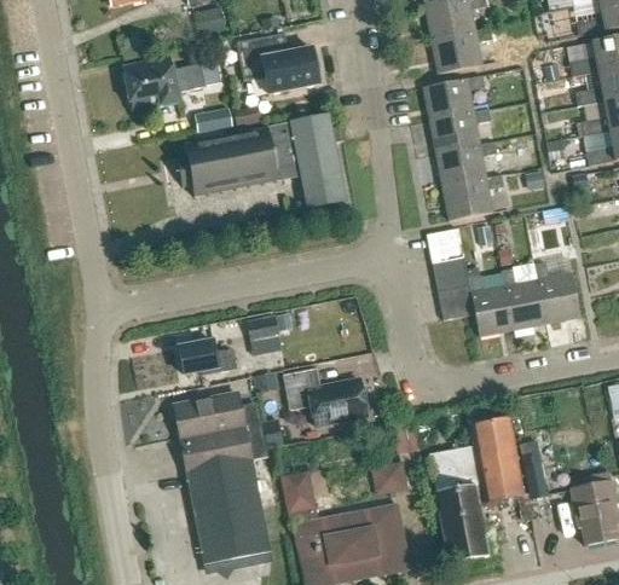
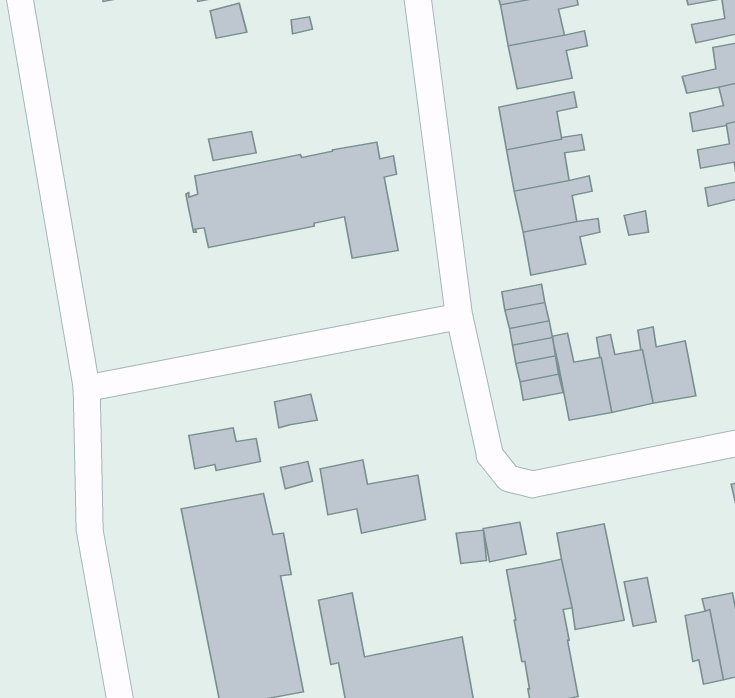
building: [237,35,319,94] -> none
building: [126,58,220,105] -> none
building: [372,462,406,493] -> [483,522,526,562]

